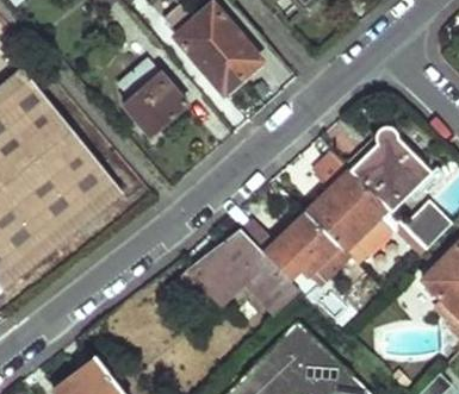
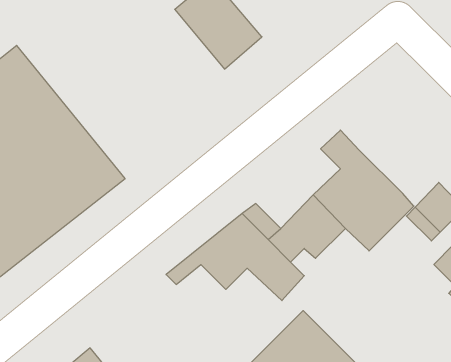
building: [116,60,186,137] -> none
building: [351,124,432,209] -> none

